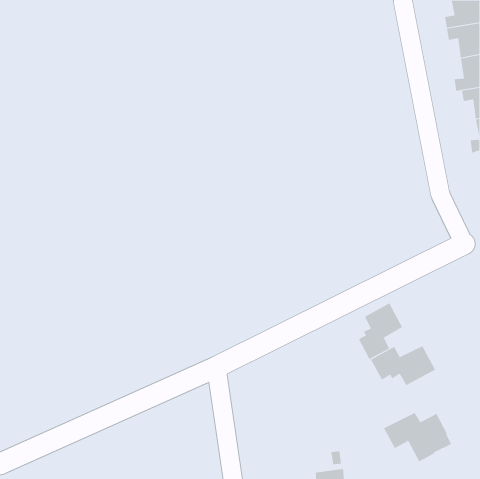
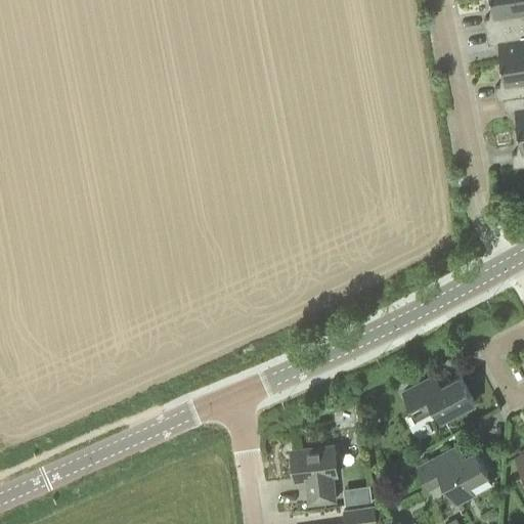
building: [358,303,403,360] -> none
building: none -> [291,446,338,505]

